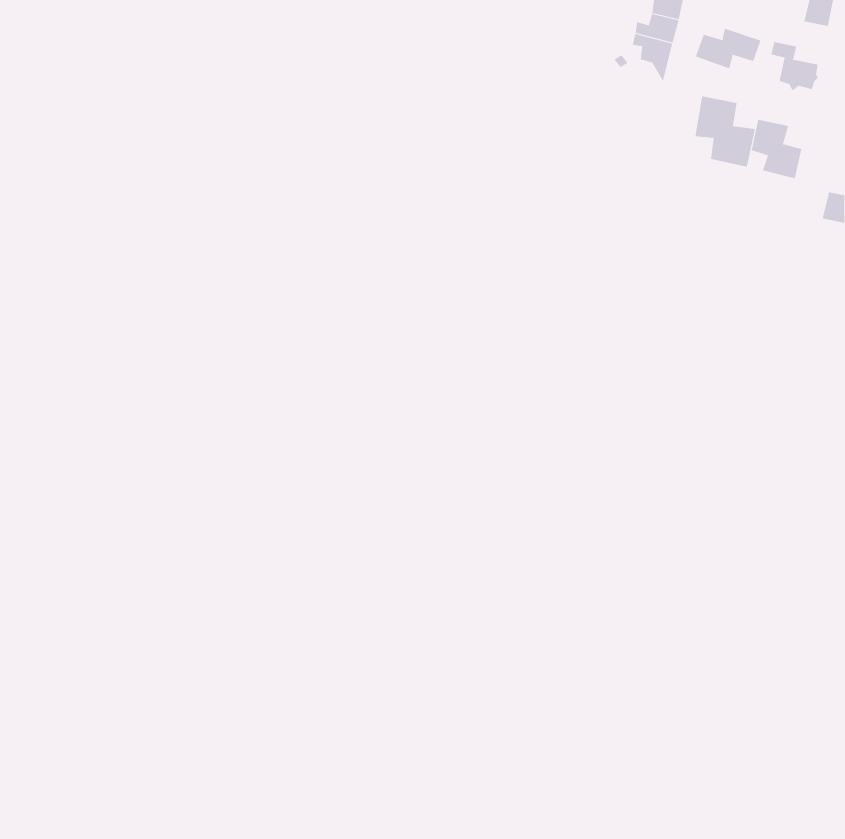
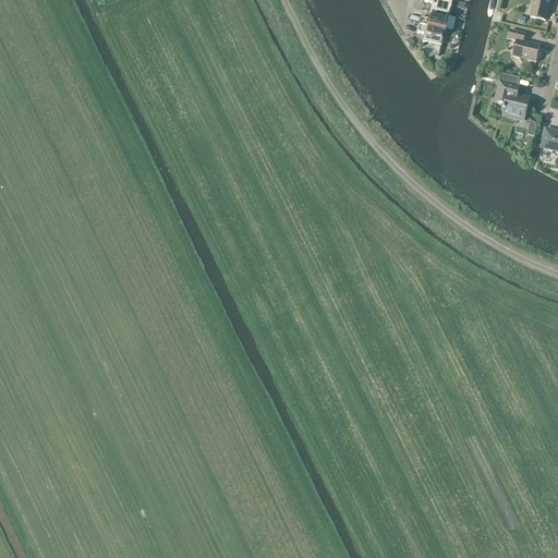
building: [695,28,761,69] -> none
building: [695,95,755,167] -> none

